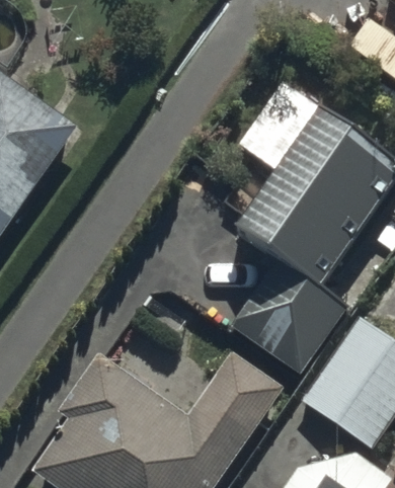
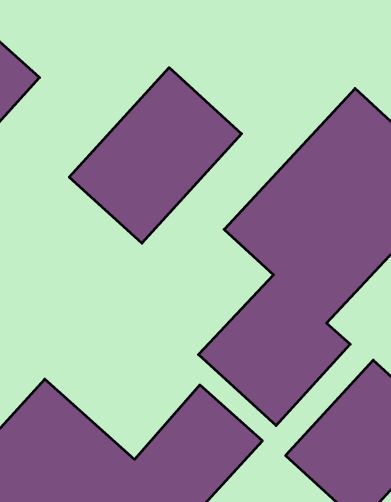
building: none -> [69,68,242,243]

